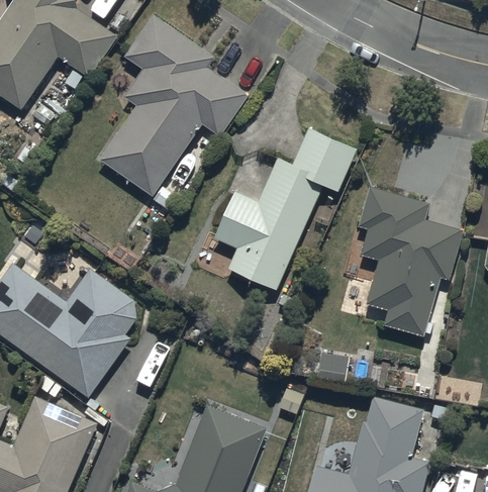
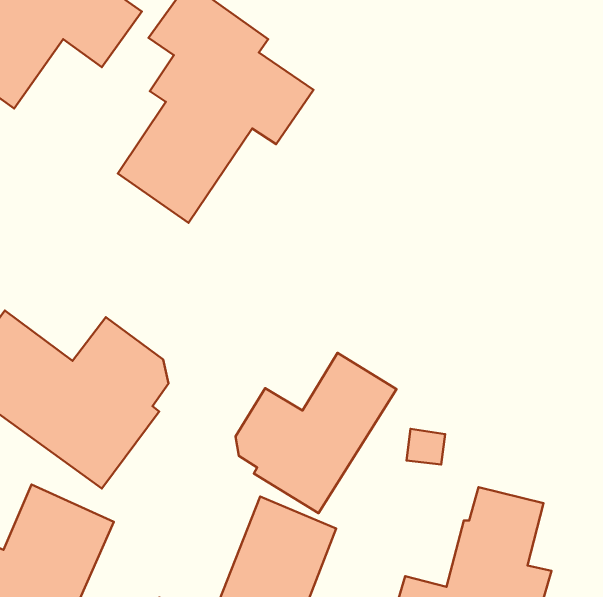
building: [212,128,356,289] -> none
building: [360,186,462,336] -> none
building: none -> [236,353,396,513]

